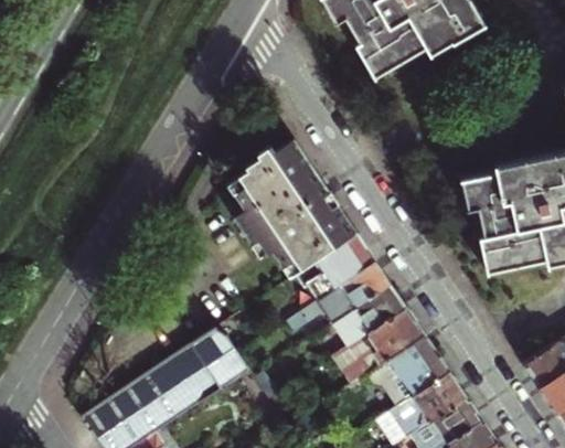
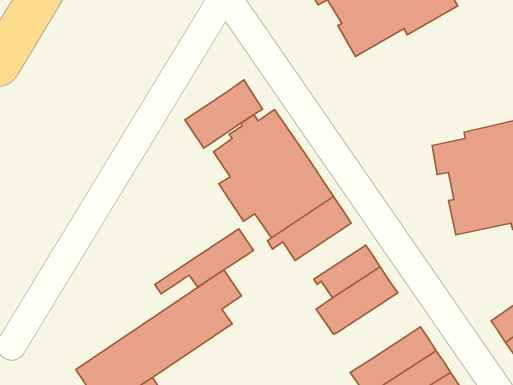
building: none -> [185,80,263,148]
building: [286,262,391,331] -> [155,229,253,294]
building: [361,335,449,406] -> none

